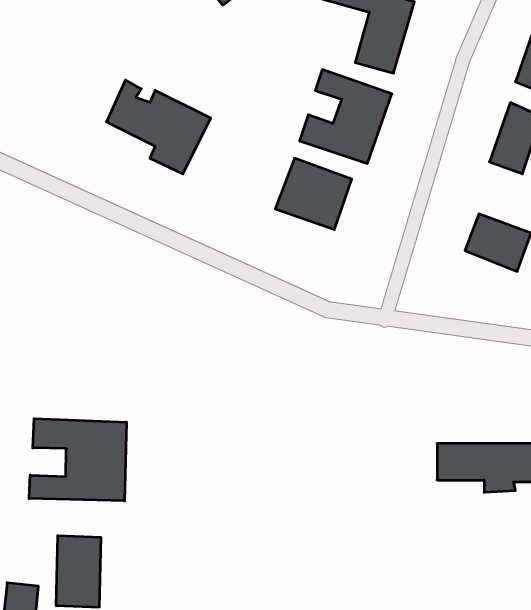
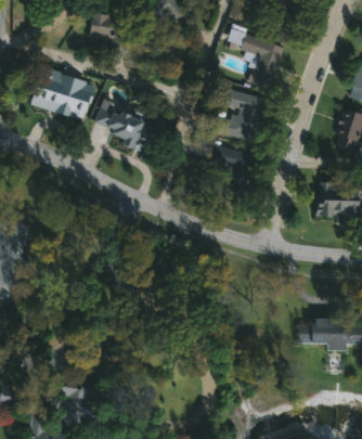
building: none -> [31,66,93,121]
building: [29,419,126,501] -> none

